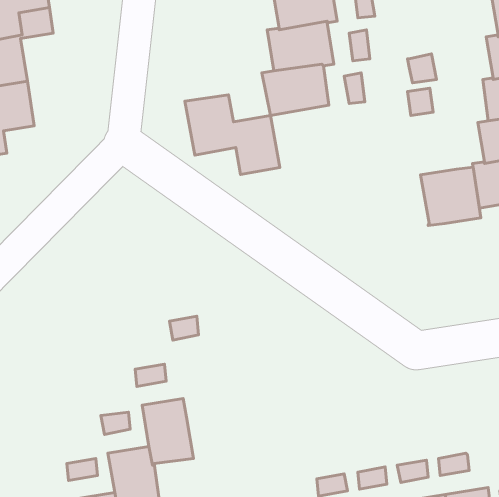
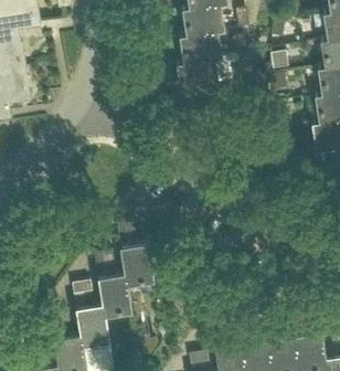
building: [185,95,280,175] -> none
building: [420,167,481,226] -> none
building: none -> [121,244,153,286]

